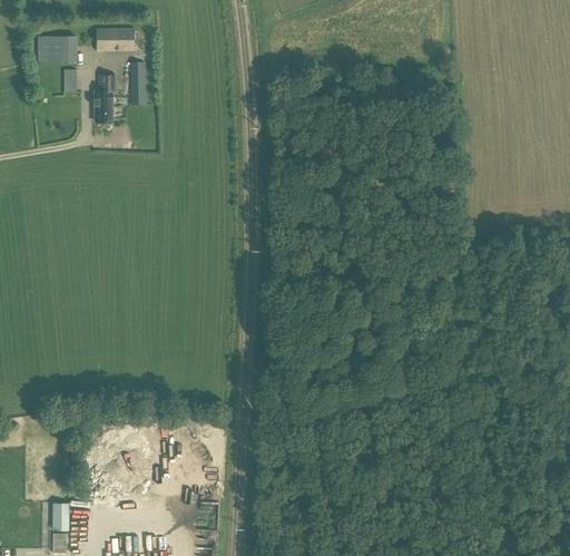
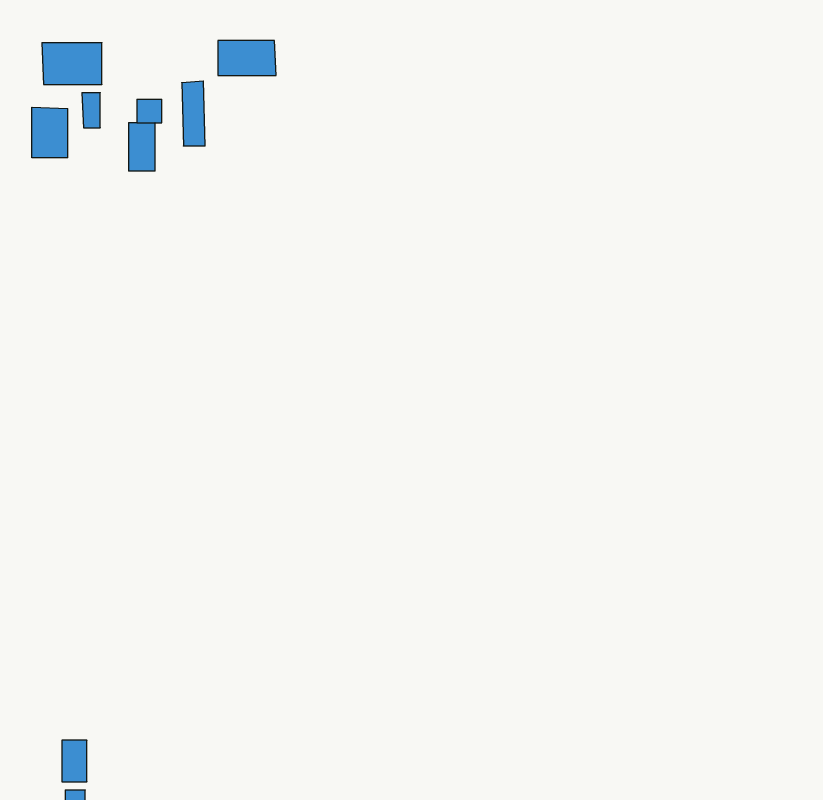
building: [96,28,135,51] -> [218,41,276,75]
building: none -> [32,107,68,158]

